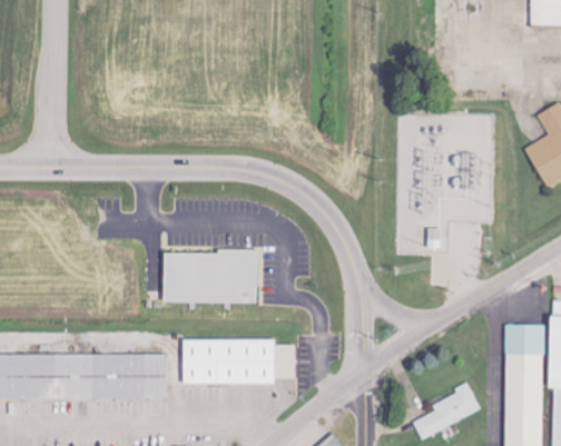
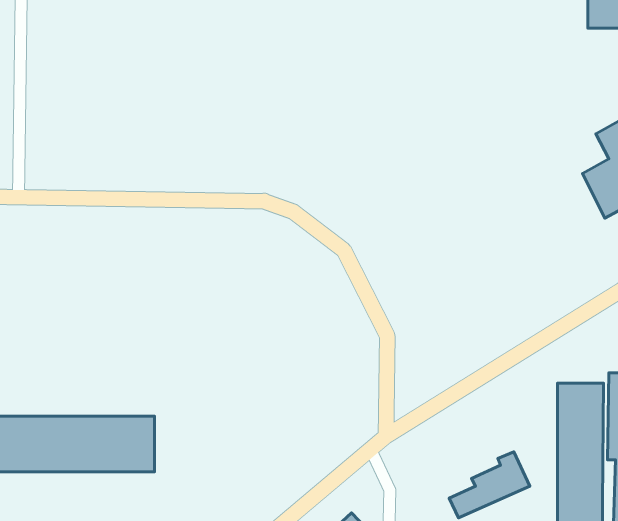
building: [164,250,259,304] -> none
building: [183,339,296,385] -> none

